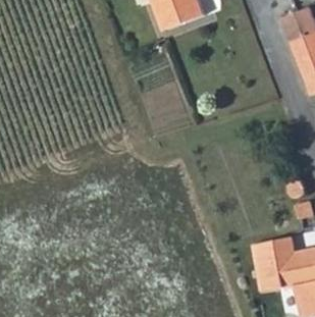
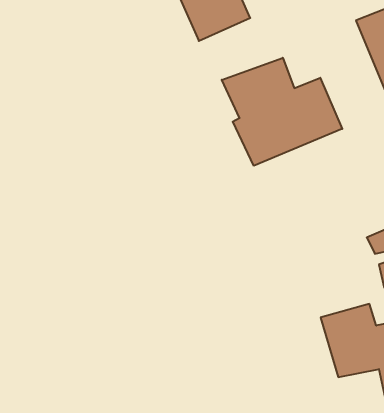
building: none -> [222,58,342,166]

